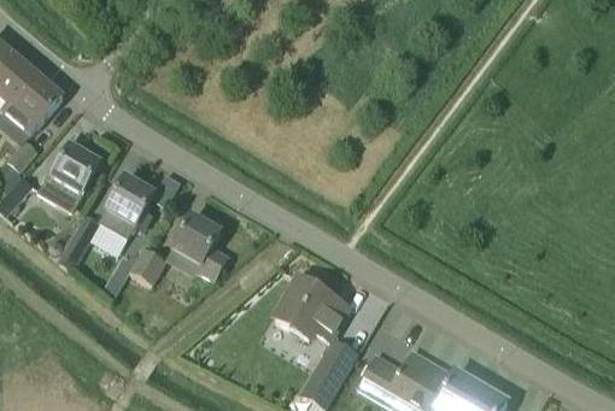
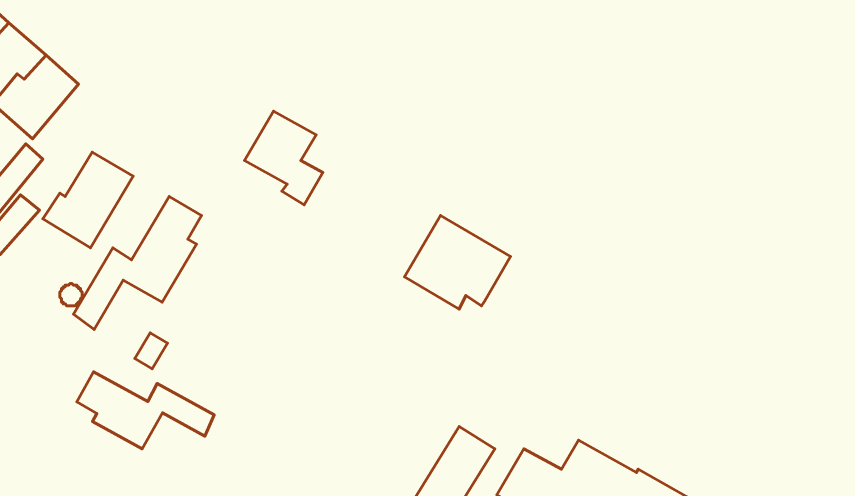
building: [170,213,226,280] -> [244,111,323,205]
building: [129,246,166,283] -> none
building: [274,277,348,344] -> [405,216,510,309]
building: none -> [77,372,214,449]

